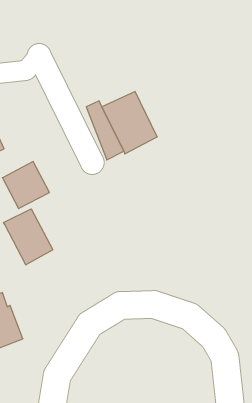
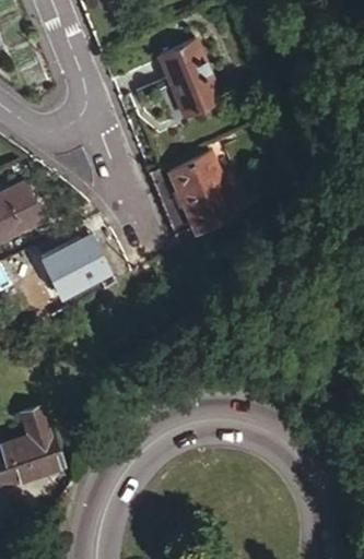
building: none -> [158,40,220,114]
building: [4,209,53,265] -> none

